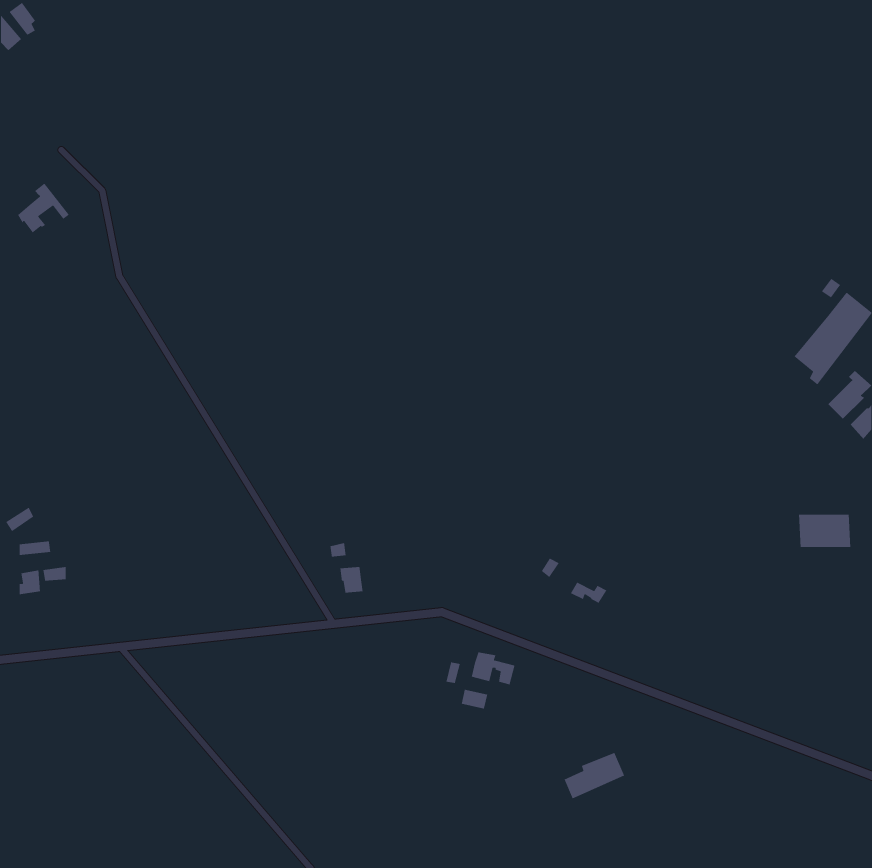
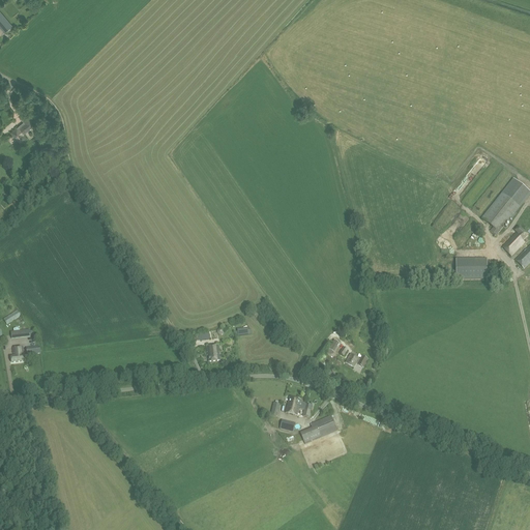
building: [798,514,851,548] -> [455,258,488,278]
building: [564,752,625,800] -> [300,414,337,443]

